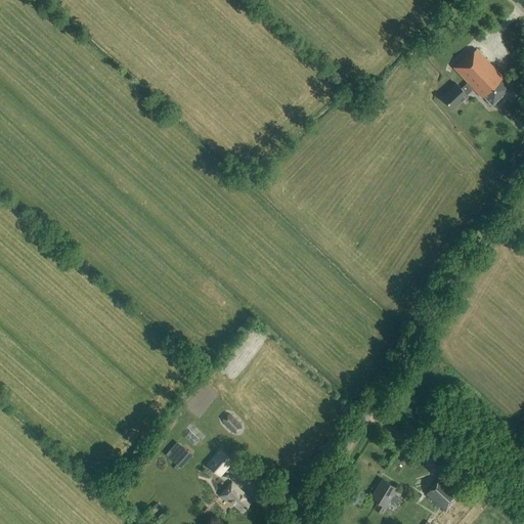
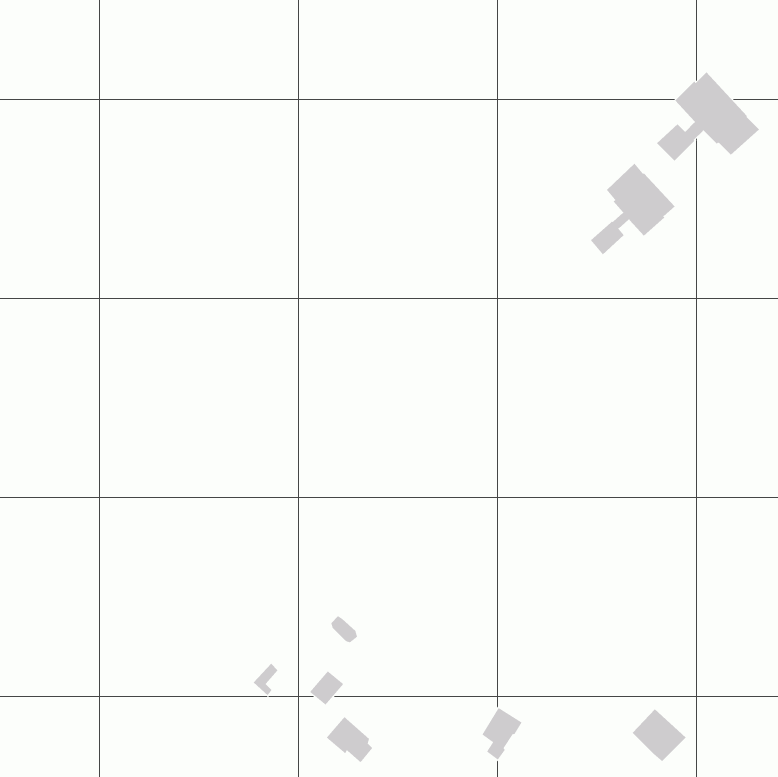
building: none -> [590,163,676,255]
building: [370,478,398,514] -> [482,707,523,760]

